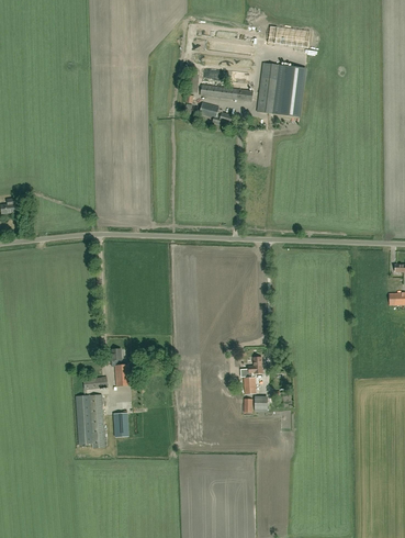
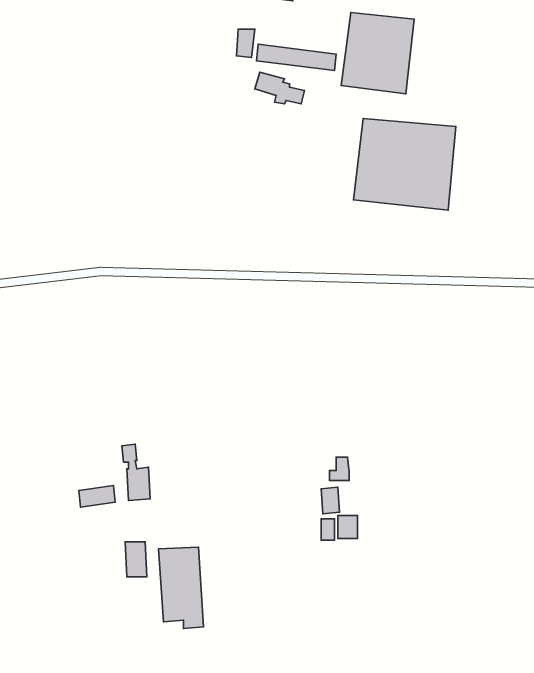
building: none -> [354,118,456,210]
building: [75,394,104,448] -> [159,547,203,629]

